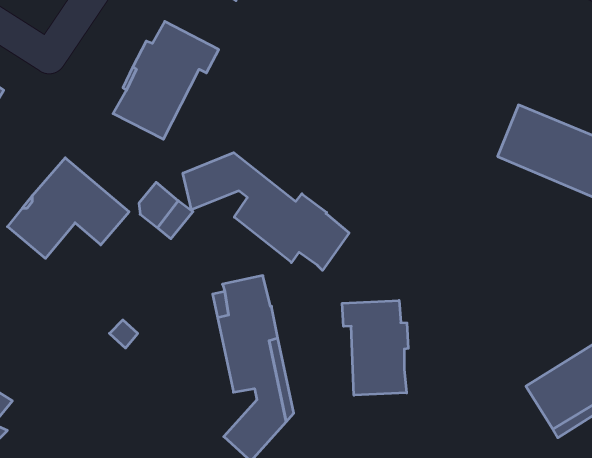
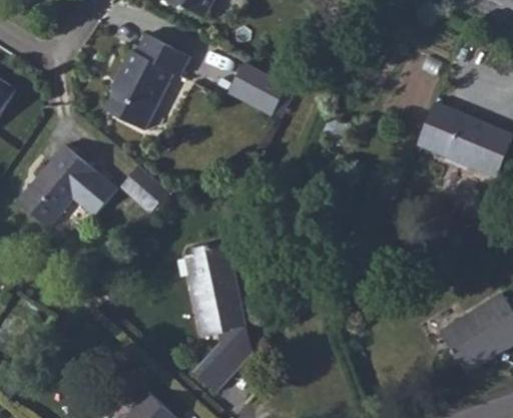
building: none -> [230,63,286,113]
building: [183,153,349,270] -> none
building: [342,300,408,395] -> none

